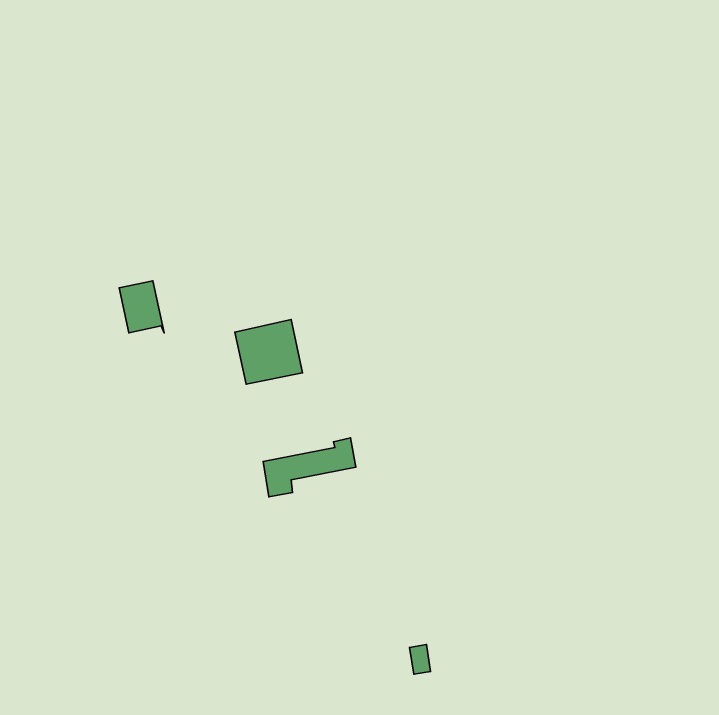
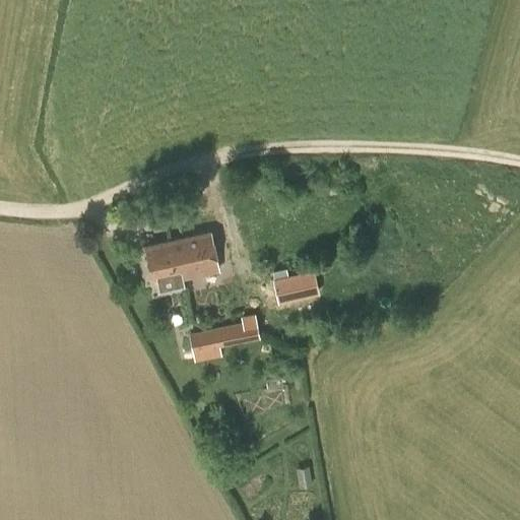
building: [119,281,164,333] -> [145,243,178,280]
building: none -> [274,274,318,301]

